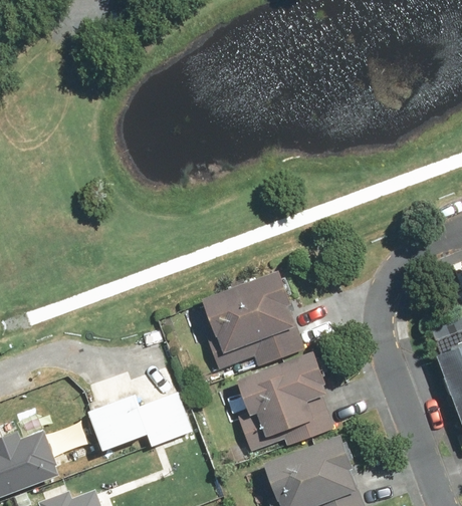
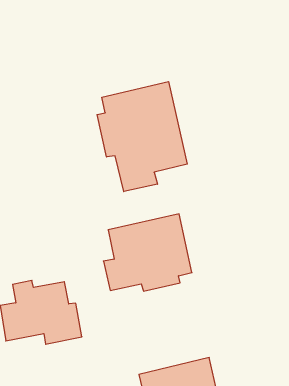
building: none -> [97,82,187,192]
building: [233,350,332,453] -> none

